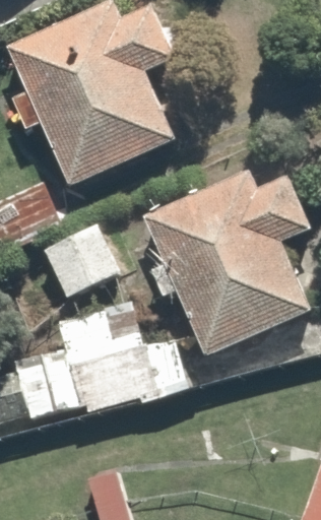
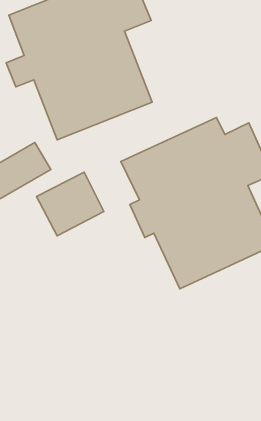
building: [14,315,182,420] -> none

